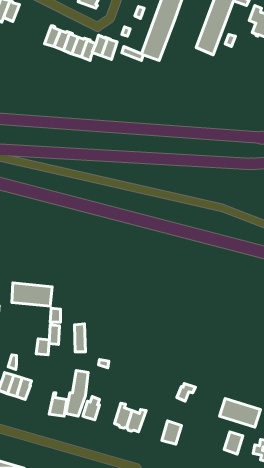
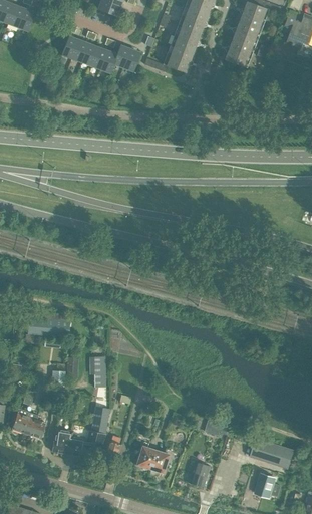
building: none -> [53,428,72,454]

